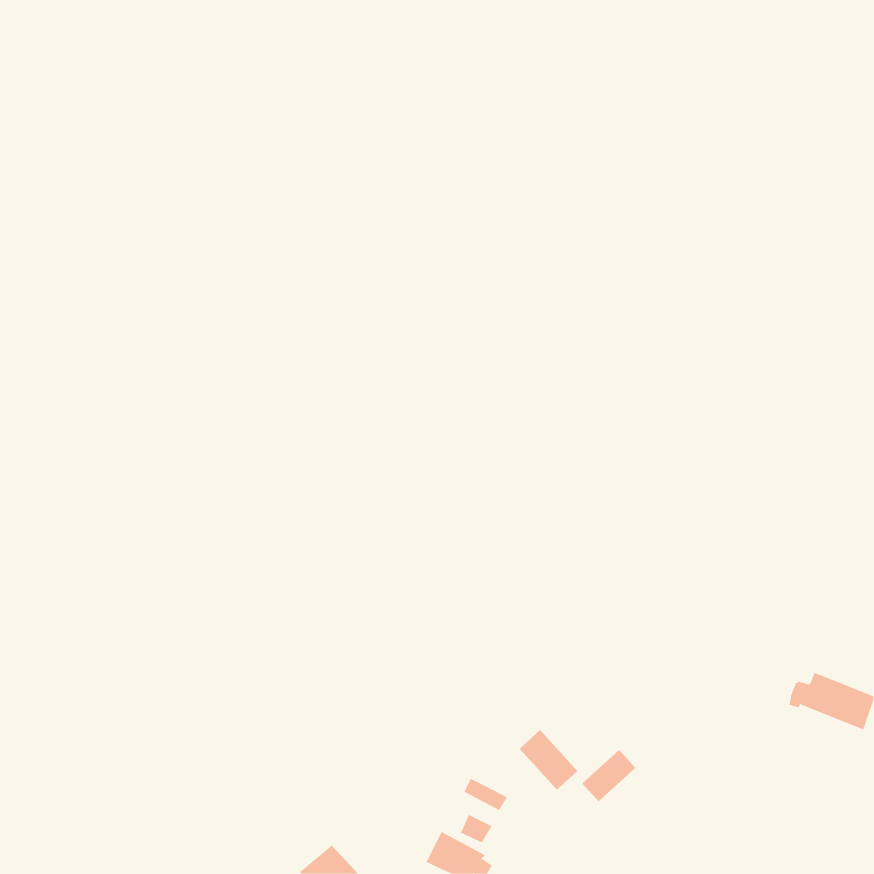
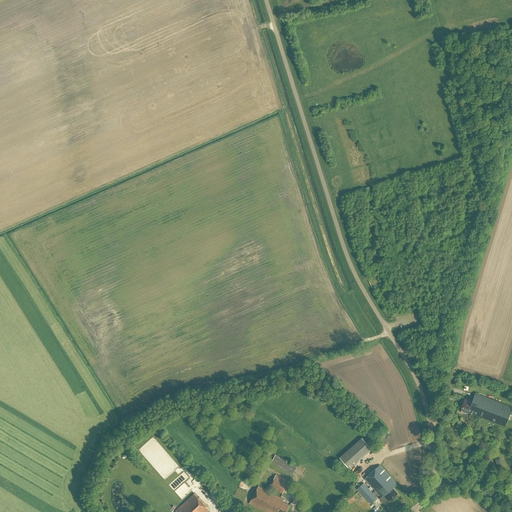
building: [519,729,578,791] -> none
building: none -> [358,465,398,504]

